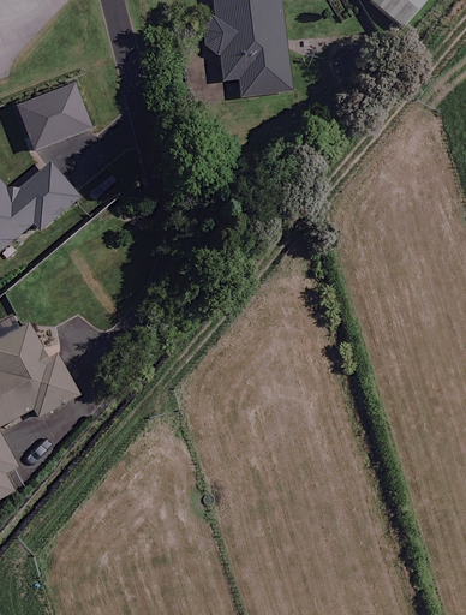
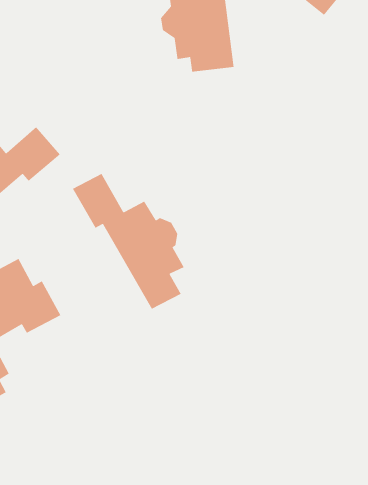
building: [17,83,91,150] -> none
building: none -> [72,173,185,310]

